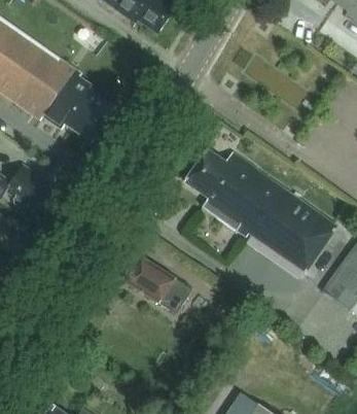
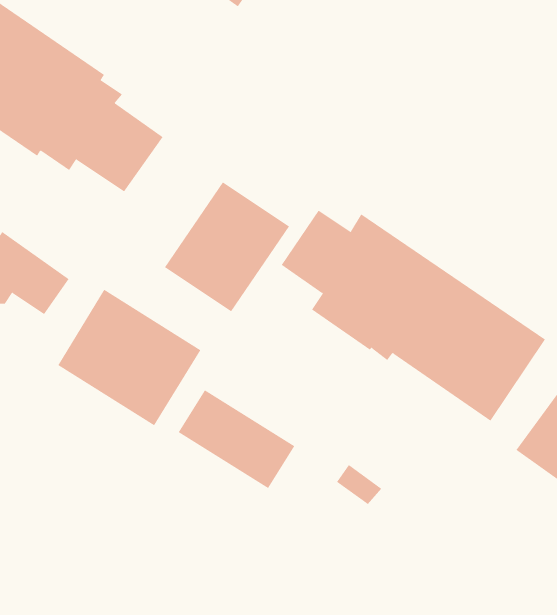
building: none -> [164,182,290,312]
building: none -> [57,289,201,426]

